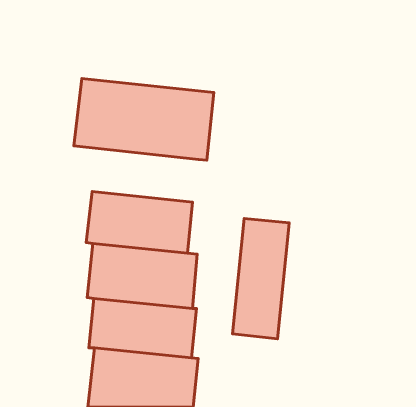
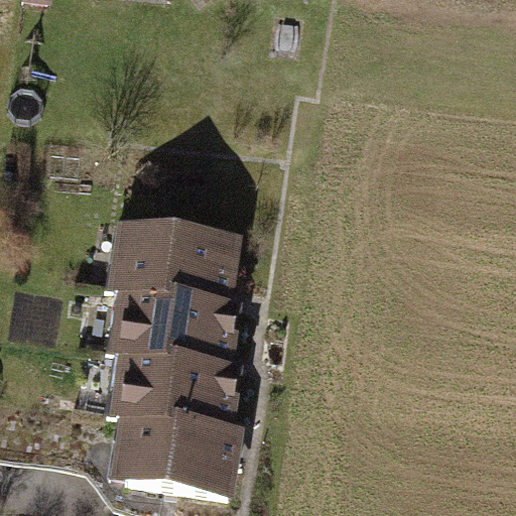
building: [74,78,214,160] -> none
building: [232,218,289,339] -> none

